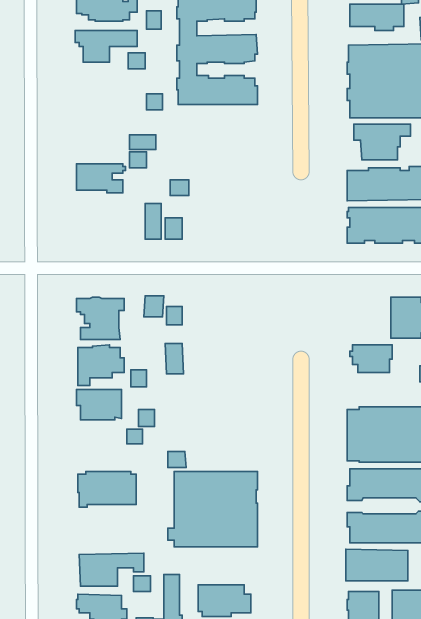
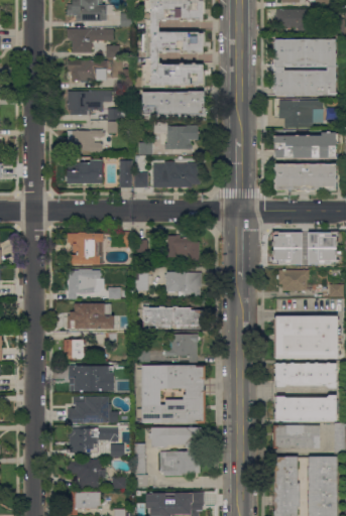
building: none -> [68,60,107,82]
building: none -> [67,90,111,115]
building: none -> [141,91,204,114]
building: none -> [164,125,198,149]
building: none -> [67,159,102,183]
building: none -> [153,162,200,188]
building: none -> [271,231,301,263]
building: none -> [166,235,199,260]
building: none -> [164,271,202,298]
building: none -> [143,303,204,329]
building: none -> [162,334,198,362]
building: none -> [64,339,84,360]
building: none -> [67,395,110,421]
building: none -> [148,427,201,448]

